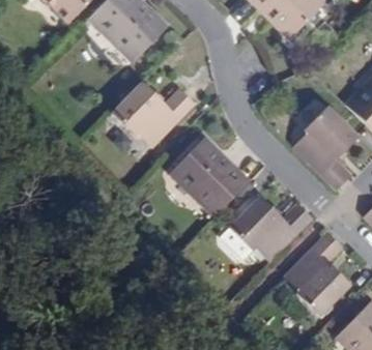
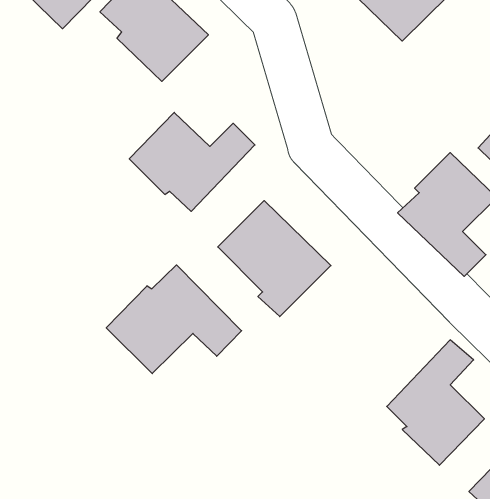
building: none -> [106,265,242,374]
building: [229,196,313,262] -> none

